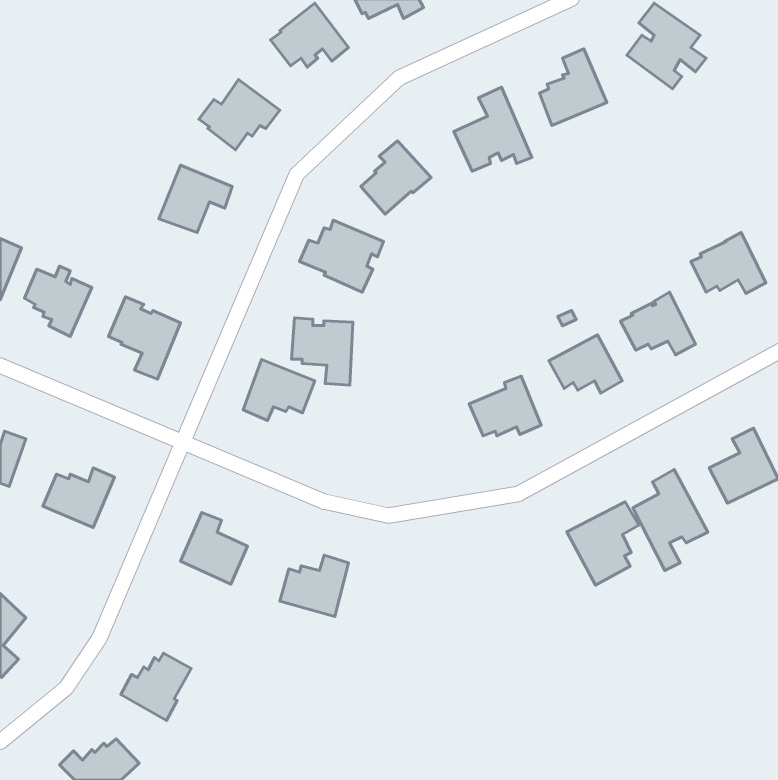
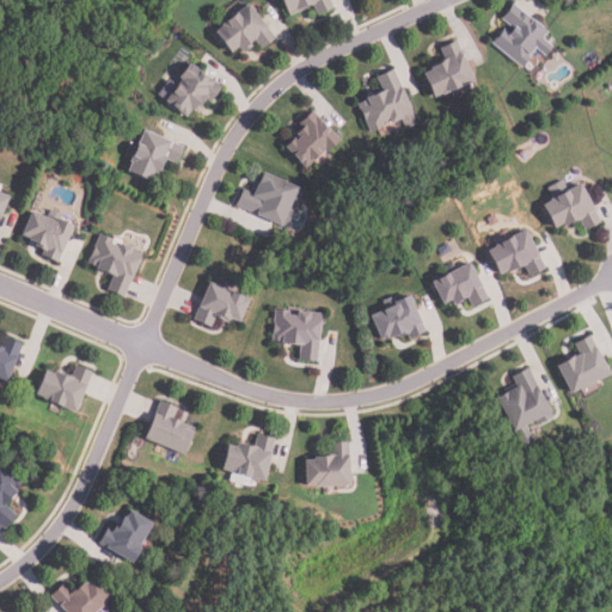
building: [292,318,353,385] -> [273,308,320,361]
building: [567,502,639,585] -> none
building: none -> [305,442,350,488]

